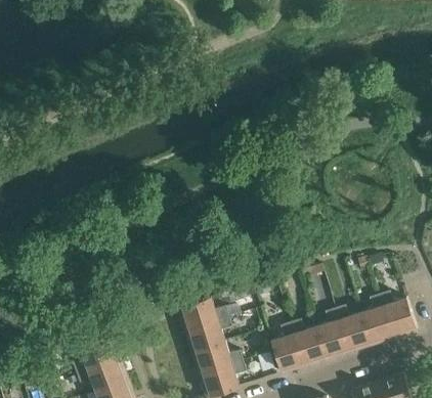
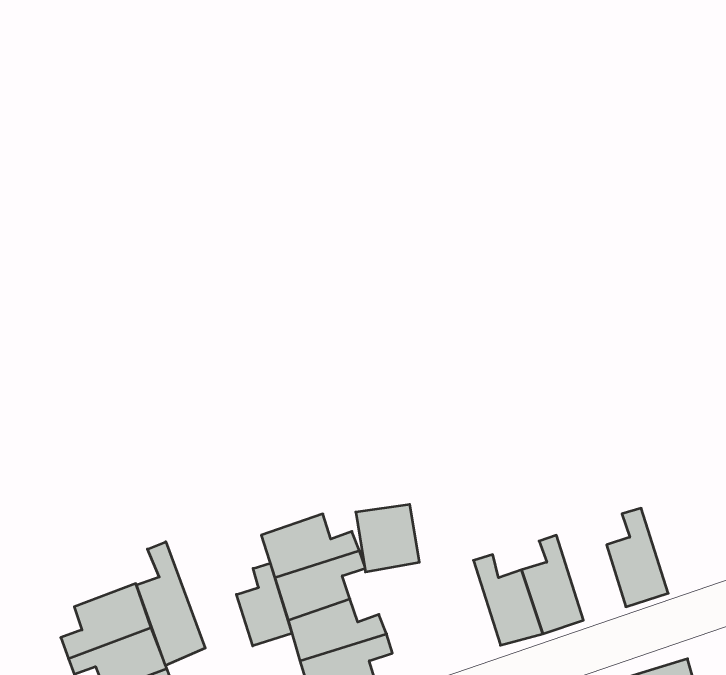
building: [379,290,416,338] -> none
building: [334,304,371,352] -> none
building: none -> [137,542,205,665]
building: [270,320,304,373] -> none
building: none -> [236,563,292,646]

